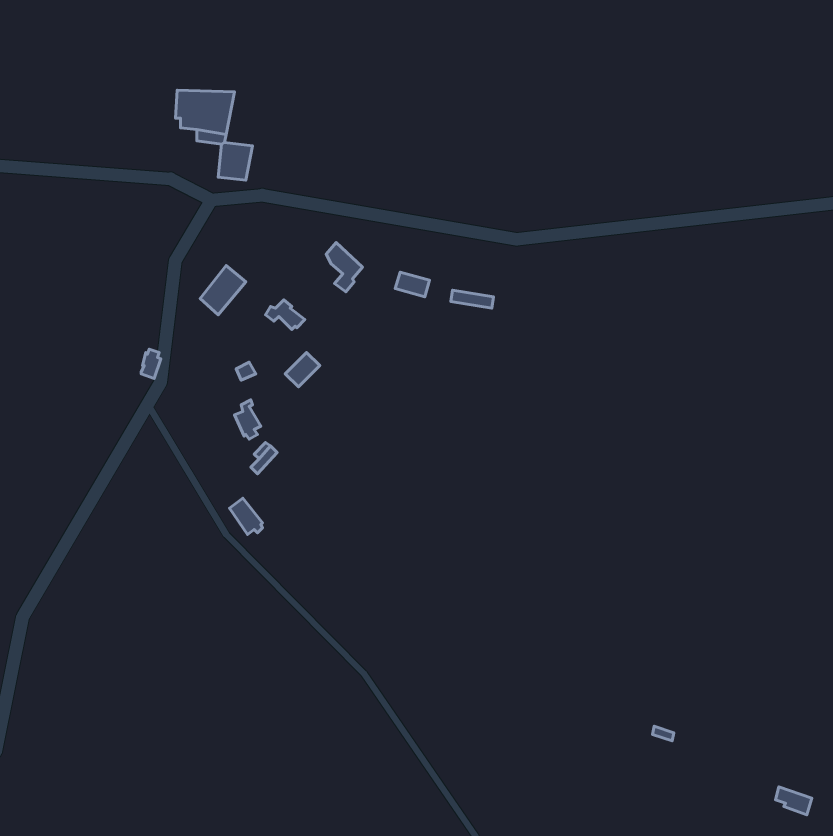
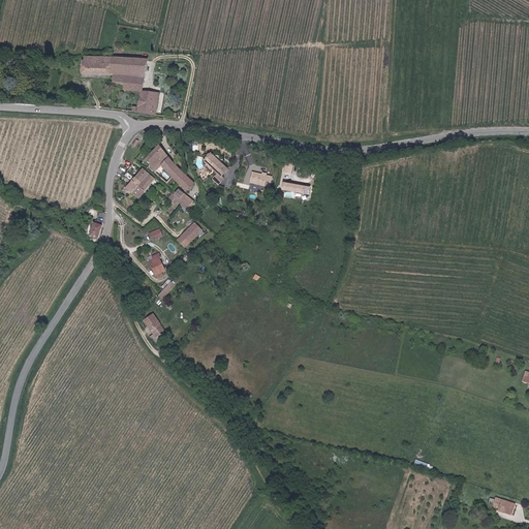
building: none -> [82,55,112,74]
building: none -> [145,146,193,191]

